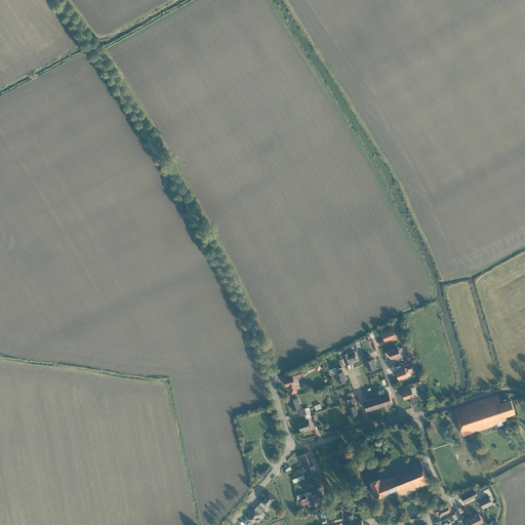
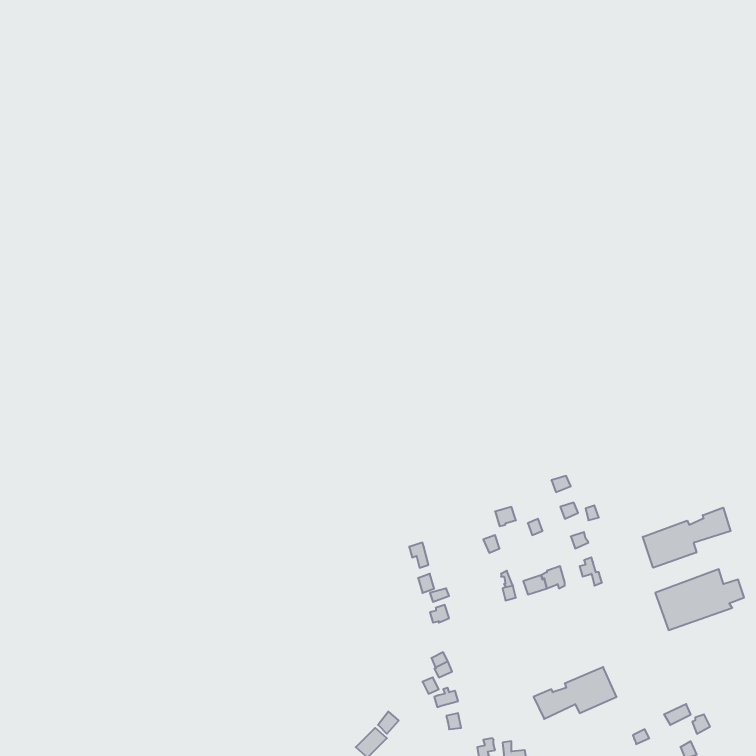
building: none -> [643,508,731,568]

